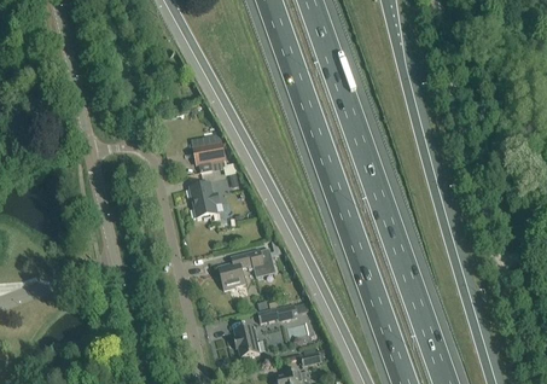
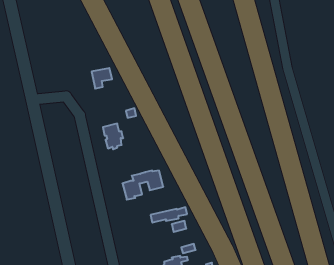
building: [194,144,223,173] -> [92,68,112,89]
building: [232,324,258,357] -> none

